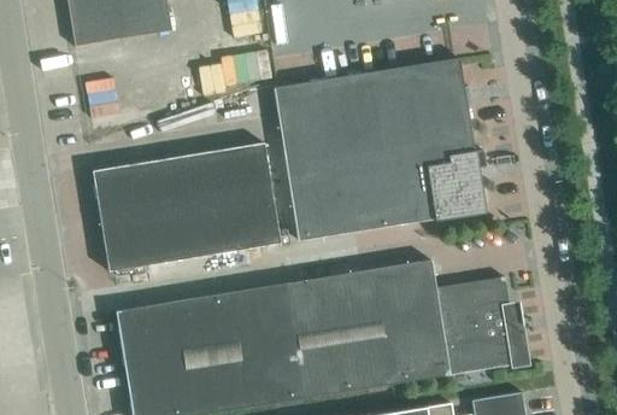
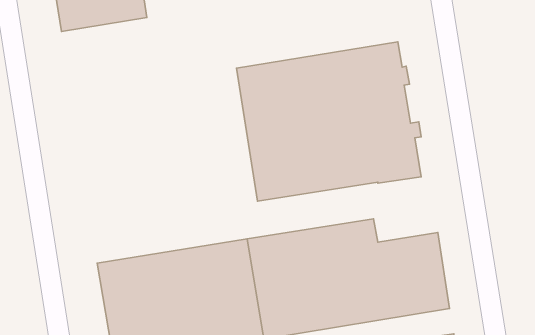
building: [93,142,281,271] -> none

